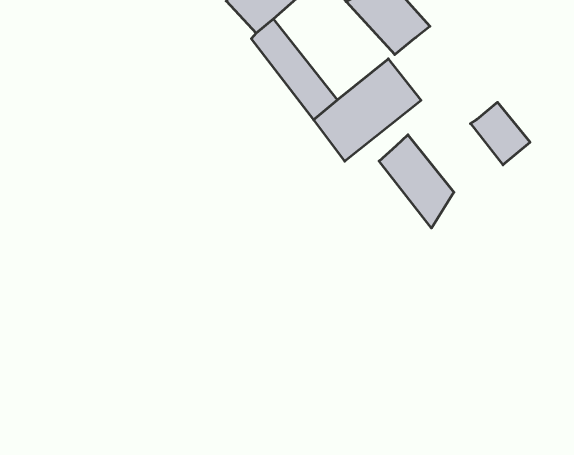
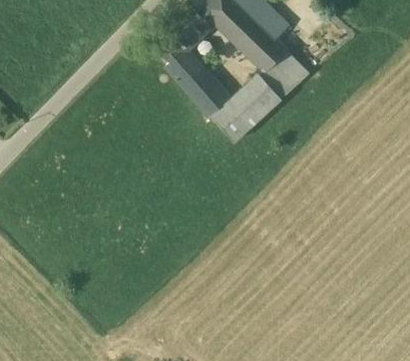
building: [470,102,530,165] -> [261,57,301,98]
building: [379,135,454,228] -> none

